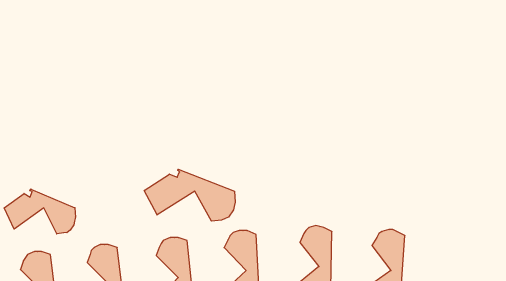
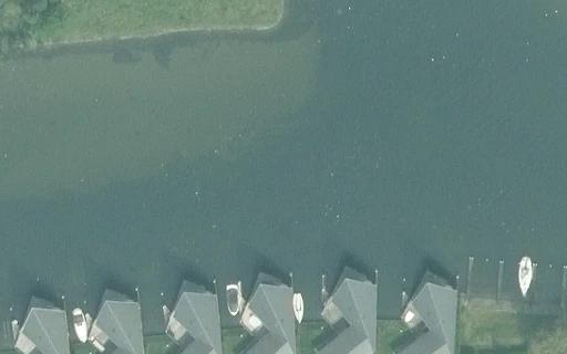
building: [144,169,235,221] -> none
building: [4,189,75,234] -> none

